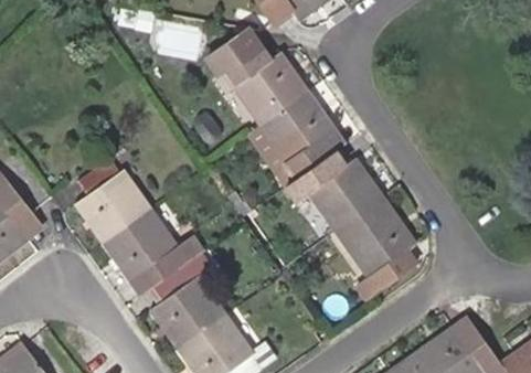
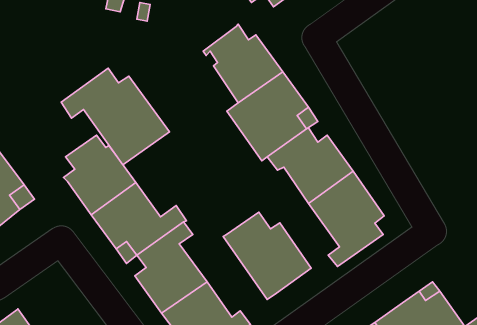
building: [202,31,257,81] -> none
building: none -> [61,68,170,165]
building: none -> [223,212,311,299]

